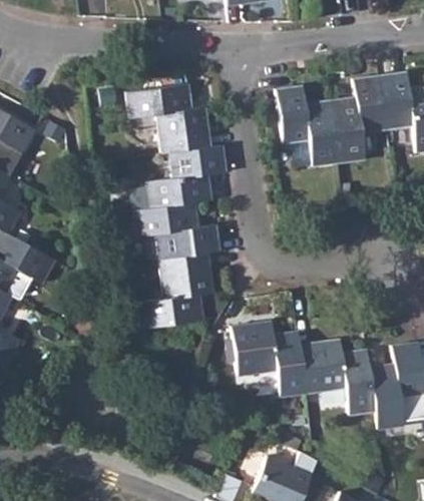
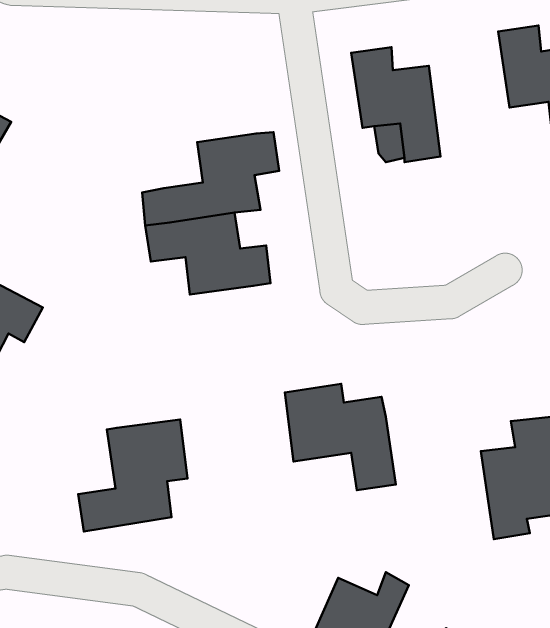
building: [330,74,386,161] -> none
building: [126,84,209,152] -> none
building: [136,252,213,330] -> [78,419,187,532]
building: [300,337,372,412] -> none

